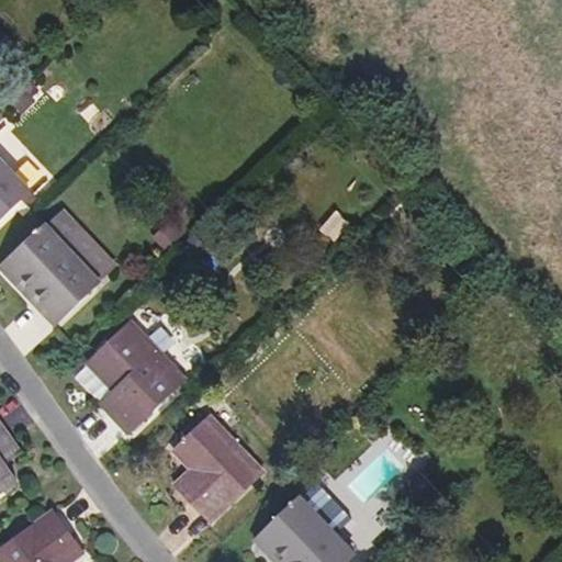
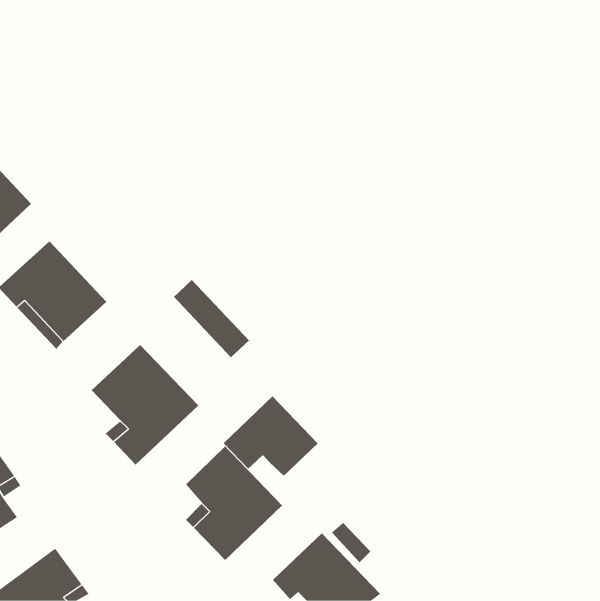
building: [46,207,117,281] -> [173,279,250,358]
building: none -> [223,396,318,476]

